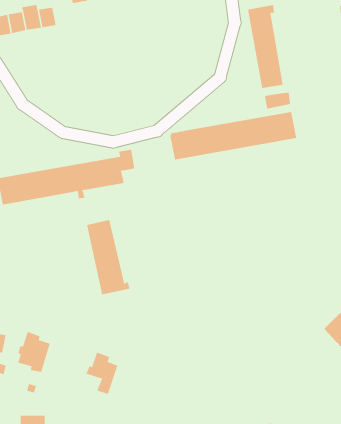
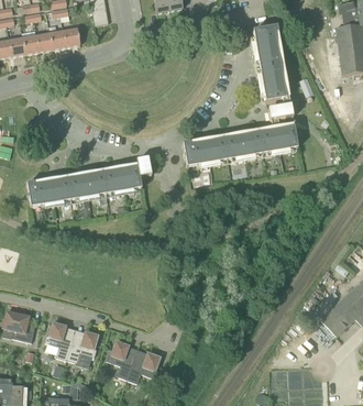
building: [86,219,130,295] -> none
building: none -> [67,330,98,366]
building: none -> [128,351,161,382]

